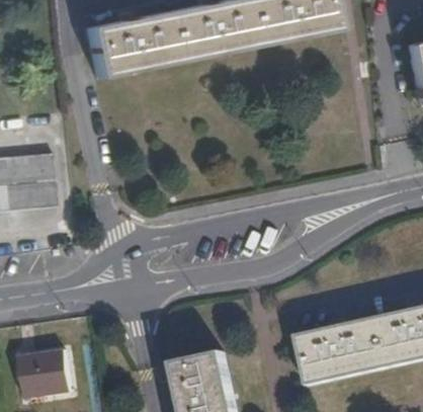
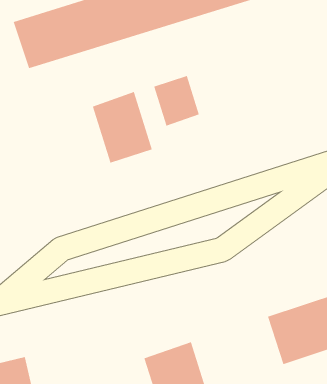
building: none -> [154,75,200,126]
building: none -> [92,91,153,164]

